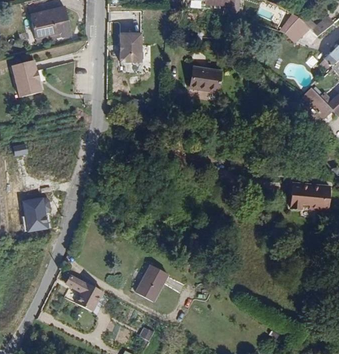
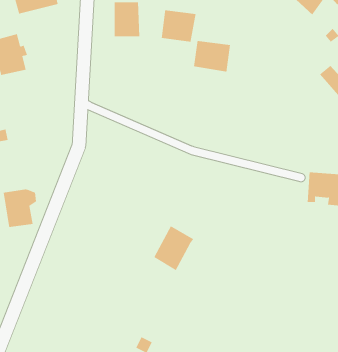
building: none -> [161,9,196,43]
building: [134,264,170,304] -> [153,225,194,271]
building: [66,275,104,311] -> none

